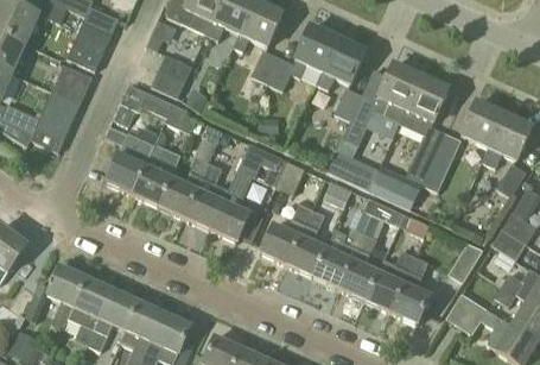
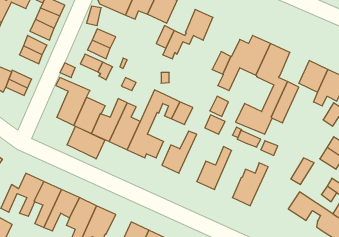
building: [317,36,364,89] -> none
building: [40,90,80,126] -> none
building: none -> [67,126,105,159]
building: [285,207,324,276] -> none
building: [337,231,377,300] -> none
building: [389,254,430,323] -> none

